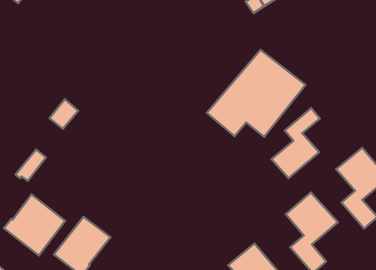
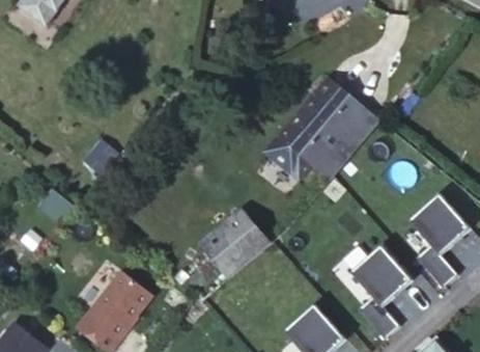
building: [272,108,320,178] -> none
building: none -> [197,211,269,281]
building: [4,195,65,255] -> none

